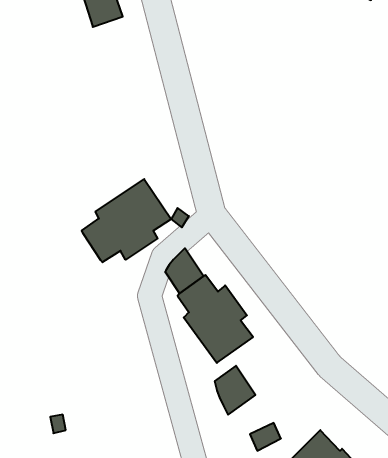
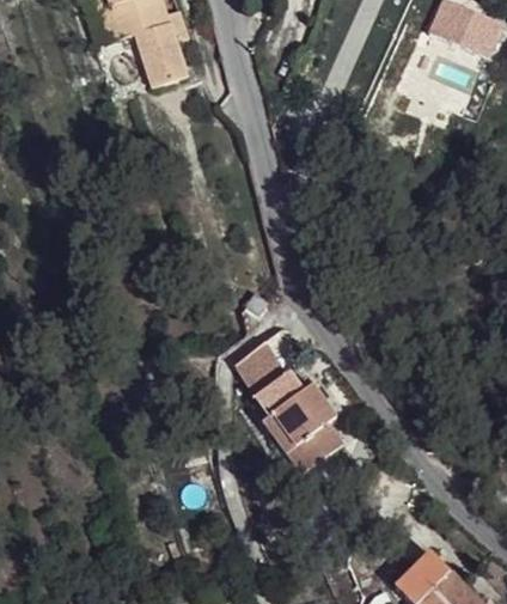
building: [82,179,171,262] -> none
building: [215,366,255,415] -> none

